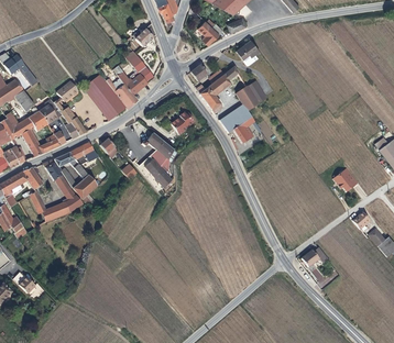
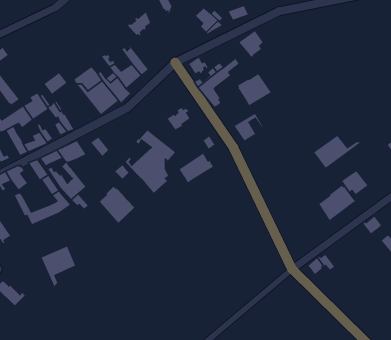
building: [219,104,252,133] -> [178,152,214,183]
building: none -> [313,135,362,169]
building: none -> [318,185,356,221]
building: none -> [99,186,136,224]
building: none -> [41,245,76,288]

